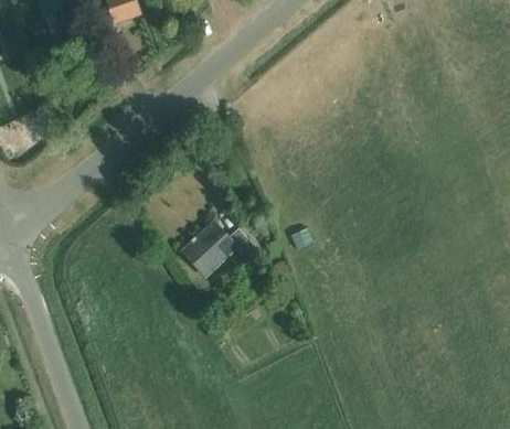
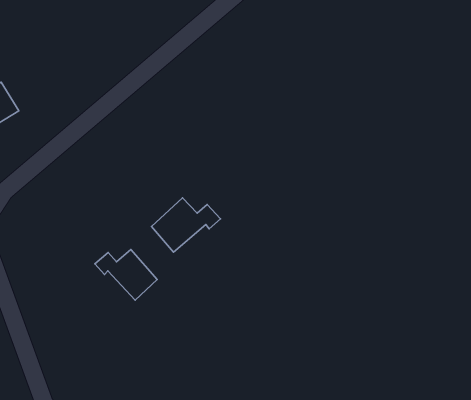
building: none -> [95,249,157,300]

